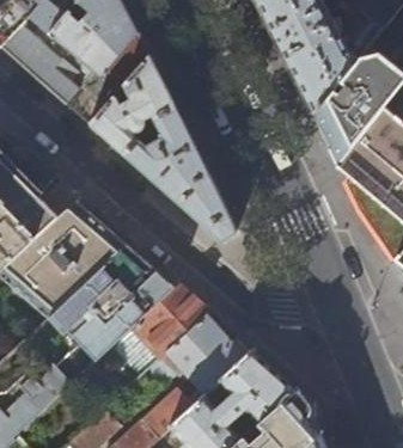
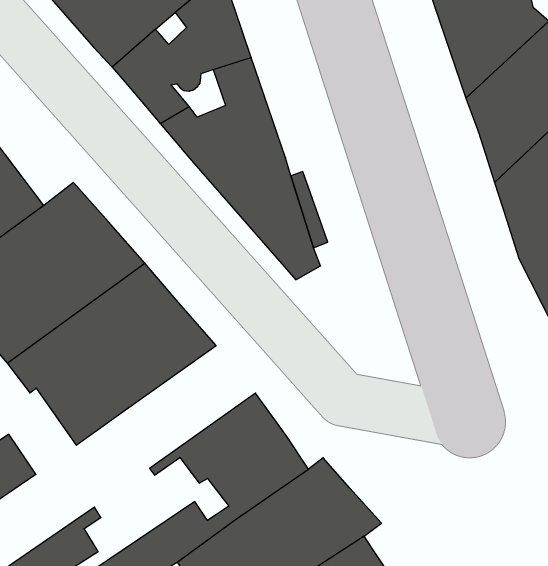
building: [122,286,208,380] -> none

